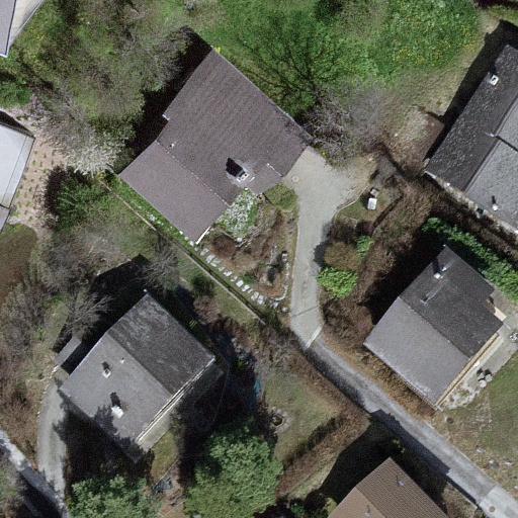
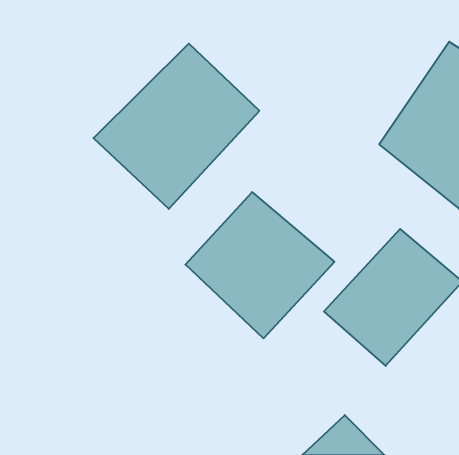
building: none -> [185,192,334,338]
building: [60,301,211,454] -> none

